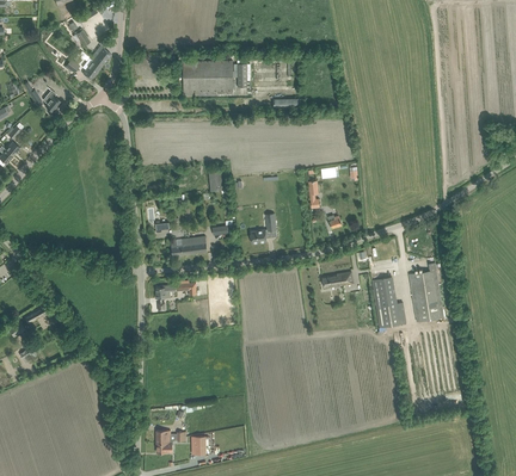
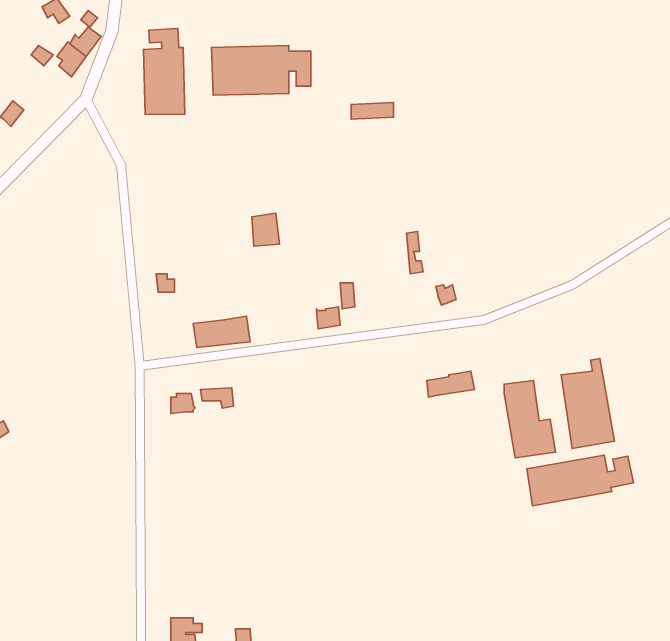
building: none -> [144,29,185,114]
building: none -> [527,455,633,506]

